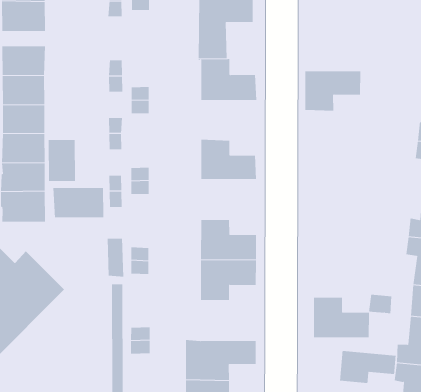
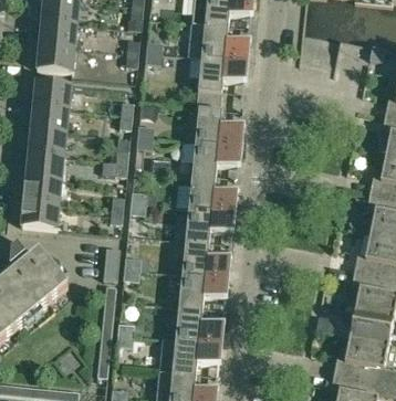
building: [304,71,361,111] -> [191,141,241,177]
building: [48,139,75,182] -> none
building: none -> [185,207,235,242]
building: [53,187,104,218] -> none
building: [313,297,370,338] -> [175,306,223,344]
building: [340,350,396,384] -> none

